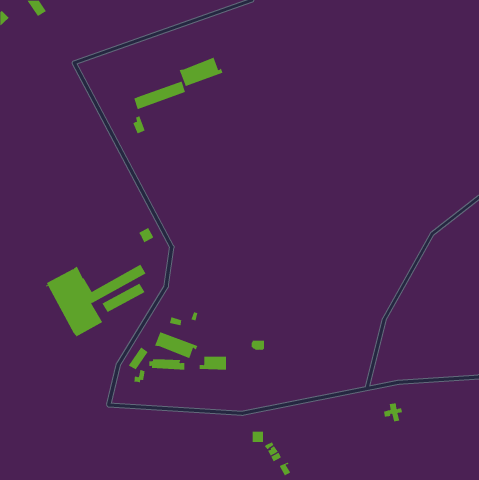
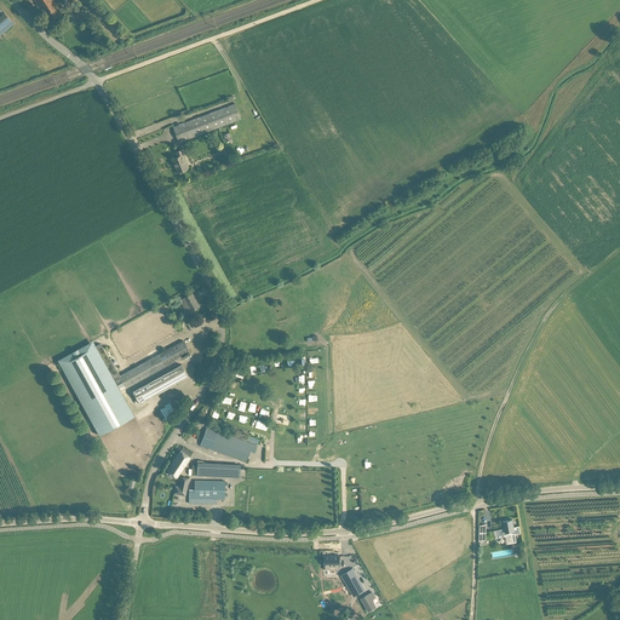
building: [179,57,223,87] -> none
building: [199,356,227,370] -> [188,481,224,499]

